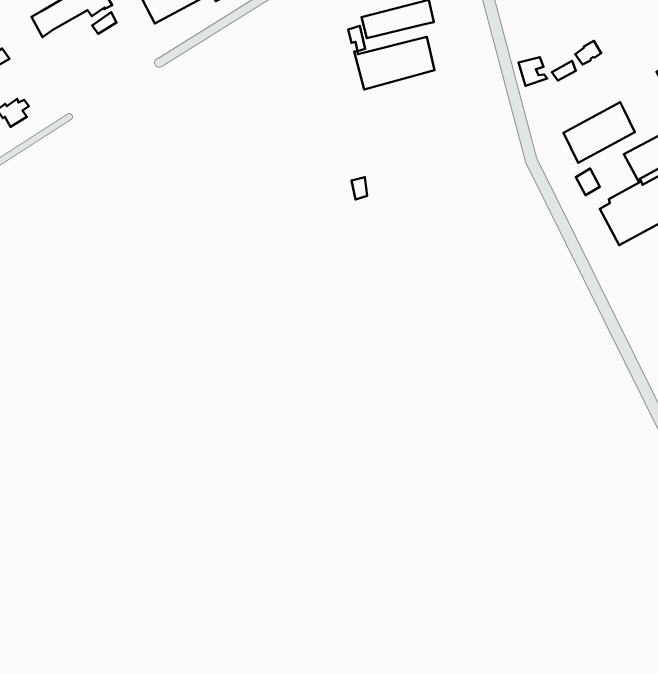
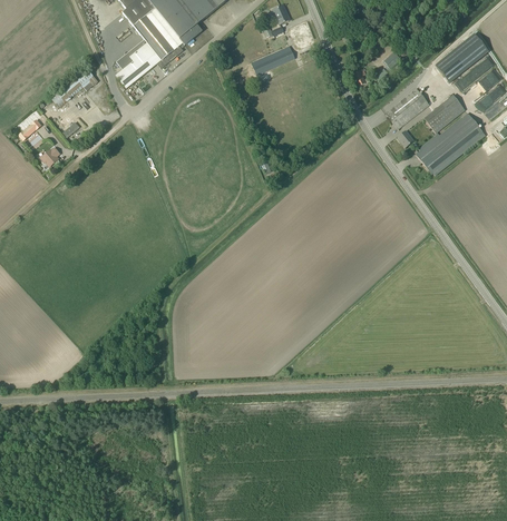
building: [354,37,435,89] -> none

